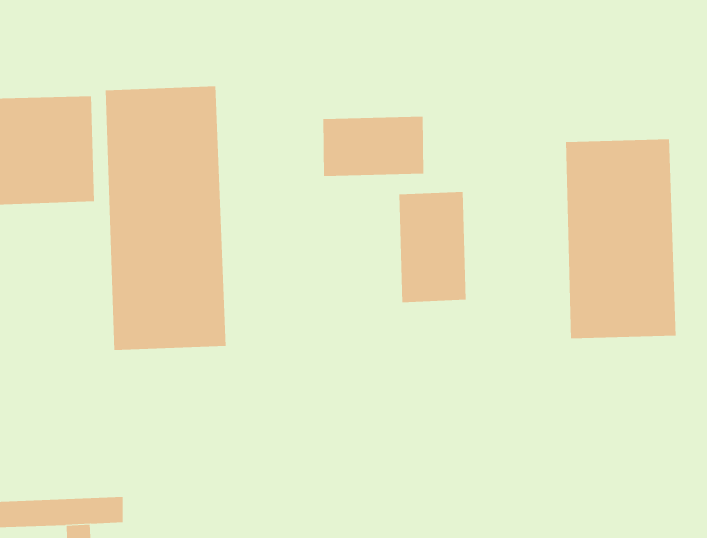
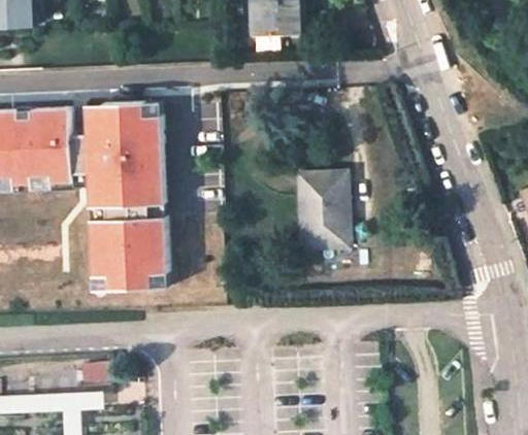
building: [323,116,424,177] -> none
building: [565,139,676,339] -> none

